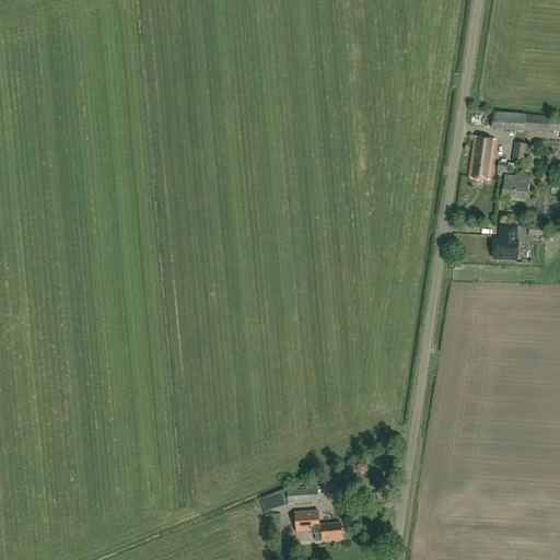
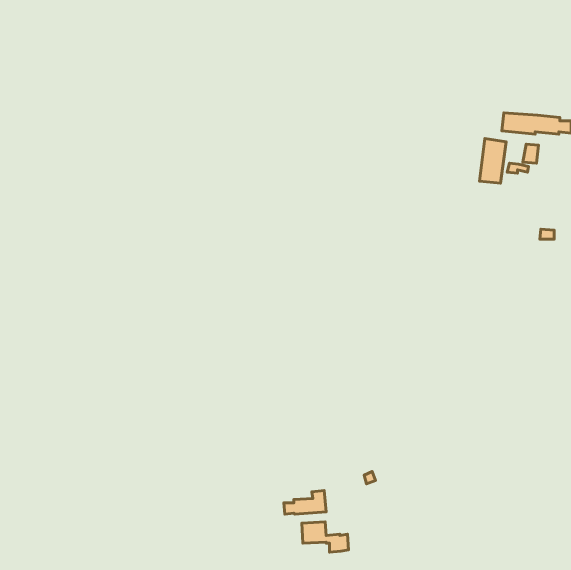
building: [502,175,529,201] -> none
building: [493,224,518,259] -> none

